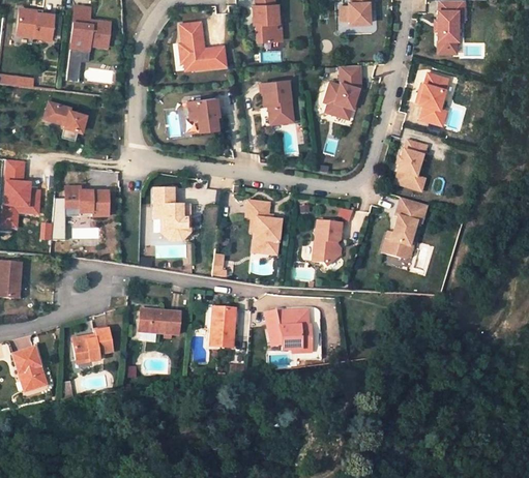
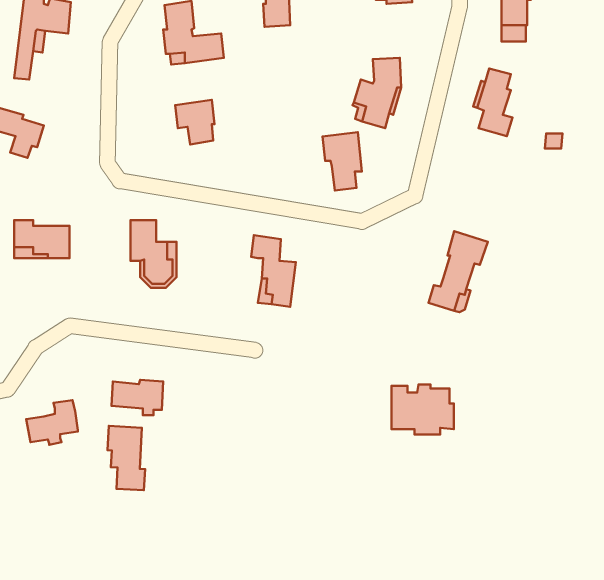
building: [262,80,292,124] -> [322,132,362,191]
building: [395,141,427,191] -> none
building: [313,221,341,267] -> none
building: [211,308,237,349] -> none
building: [265,311,313,350] -> [391,384,454,435]
building: none -> [108,426,145,490]

